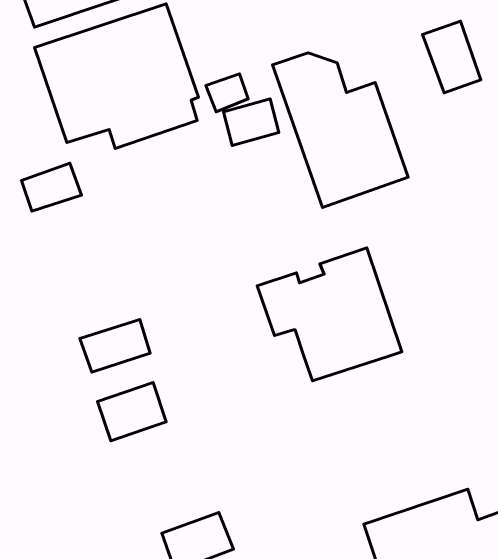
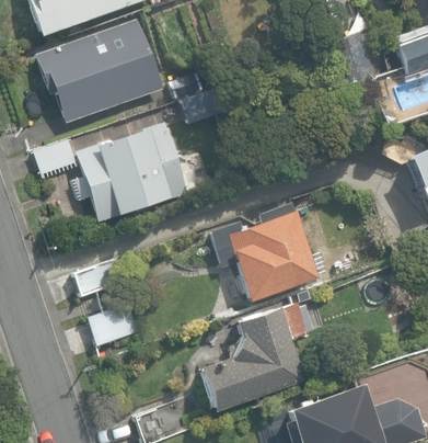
building: [272,53,408,207] -> none
building: none -> [76,122,188,223]
building: none -> [198,302,306,414]

